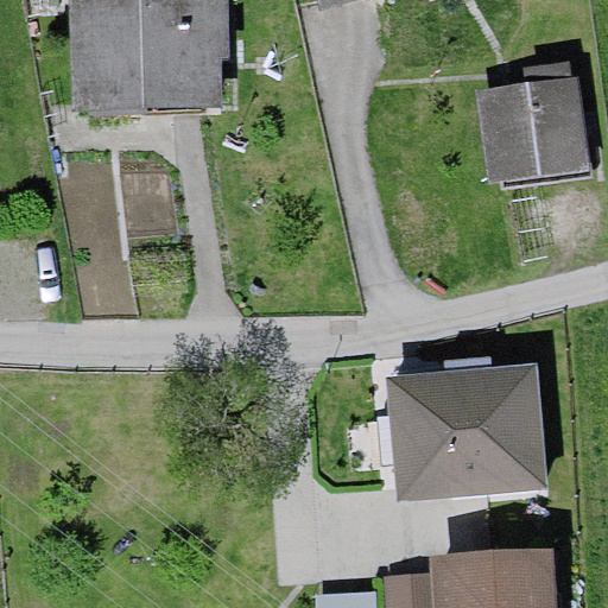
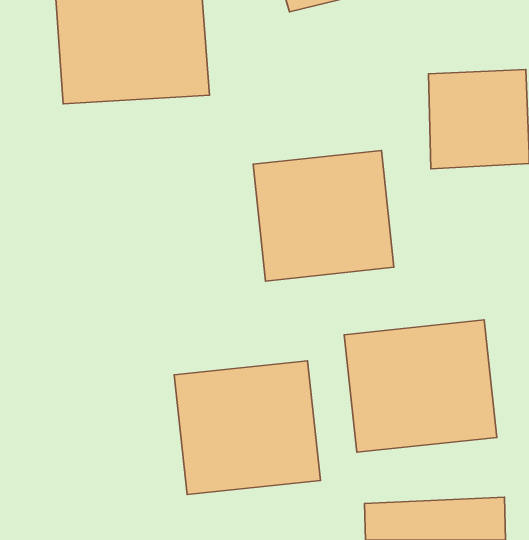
building: none -> [253,151,394,281]
building: none -> [174,361,320,495]

